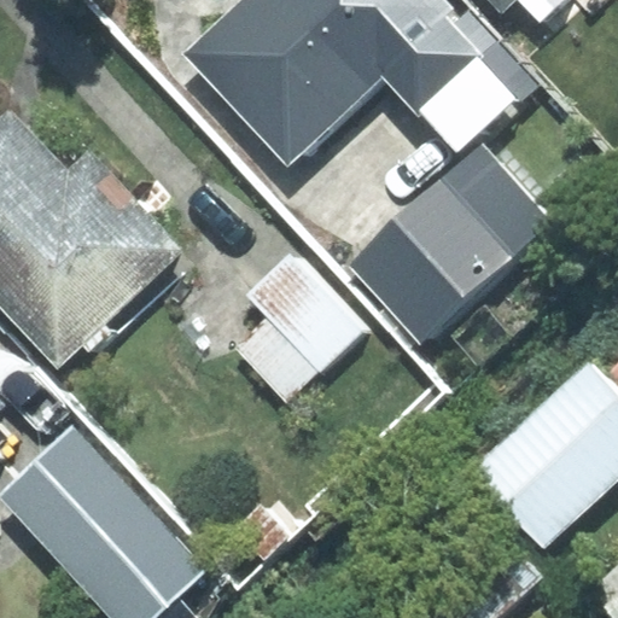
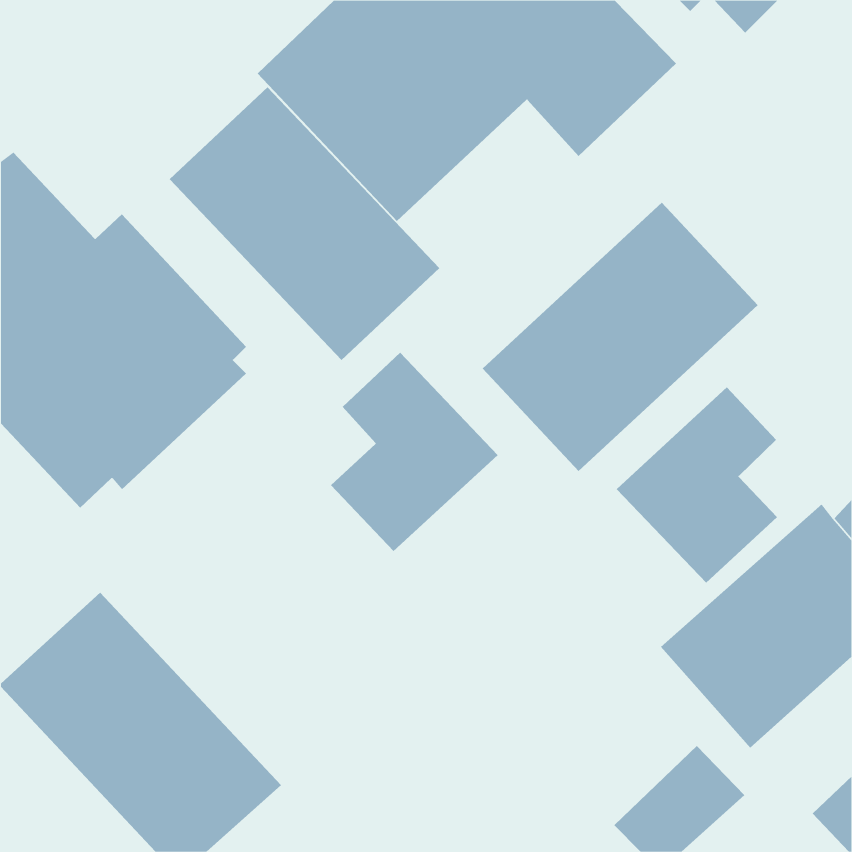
building: none -> [169,86,440,361]
building: none -> [616,386,778,583]

